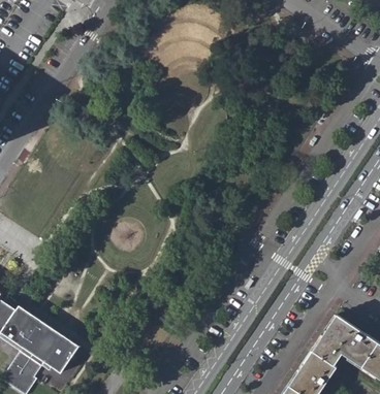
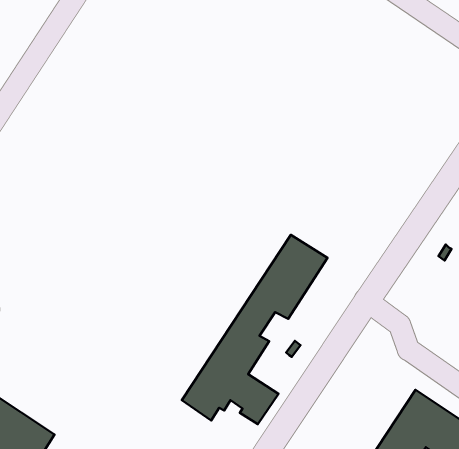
building: none -> [182,235,328,424]

